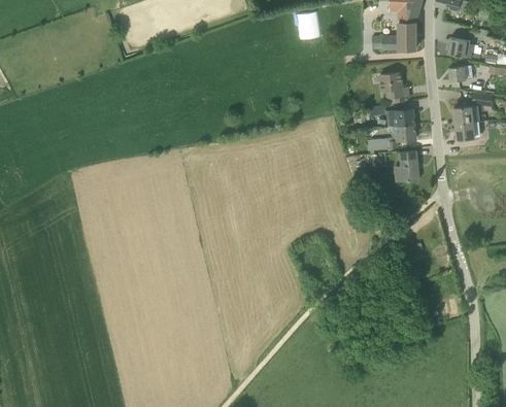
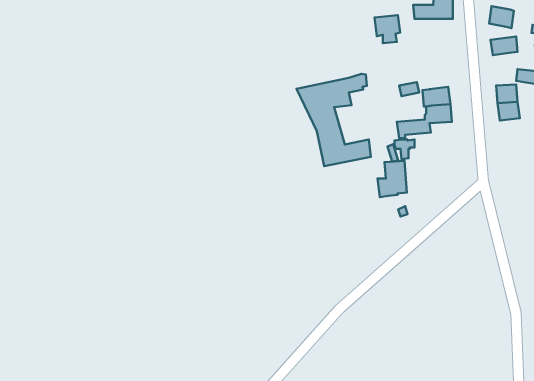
building: [380,72,403,97] -> [375,15,400,43]
building: none -> [296,74,371,166]
building: [394,150,419,182] -> [378,161,407,197]

